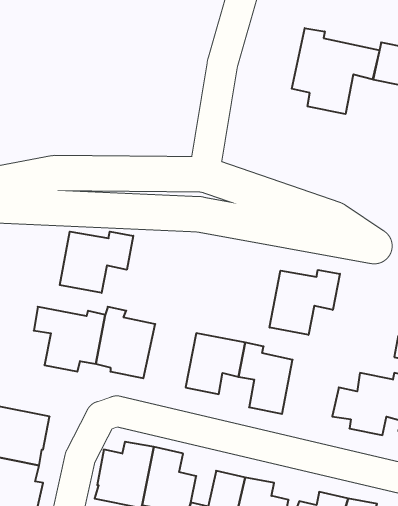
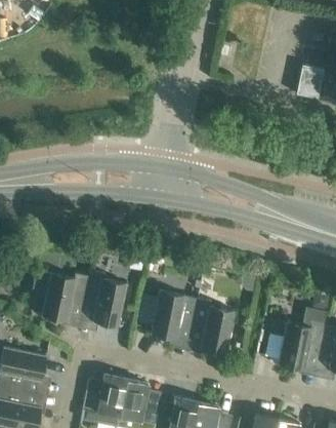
building: [292,28,379,114] -> none
building: [60,232,133,293] -> none
building: [270,270,340,335] -> none

